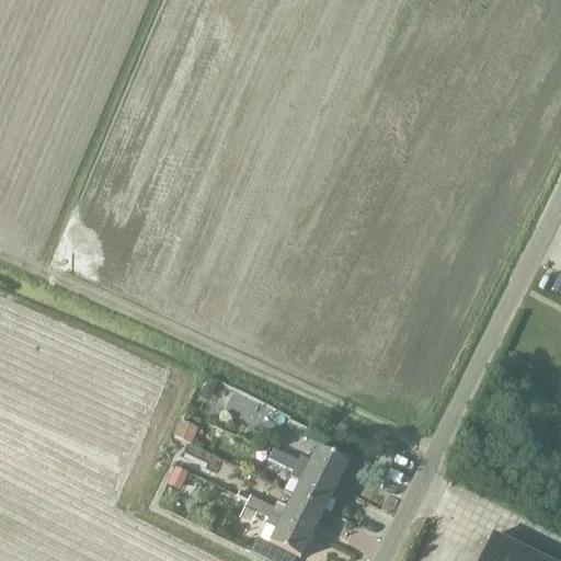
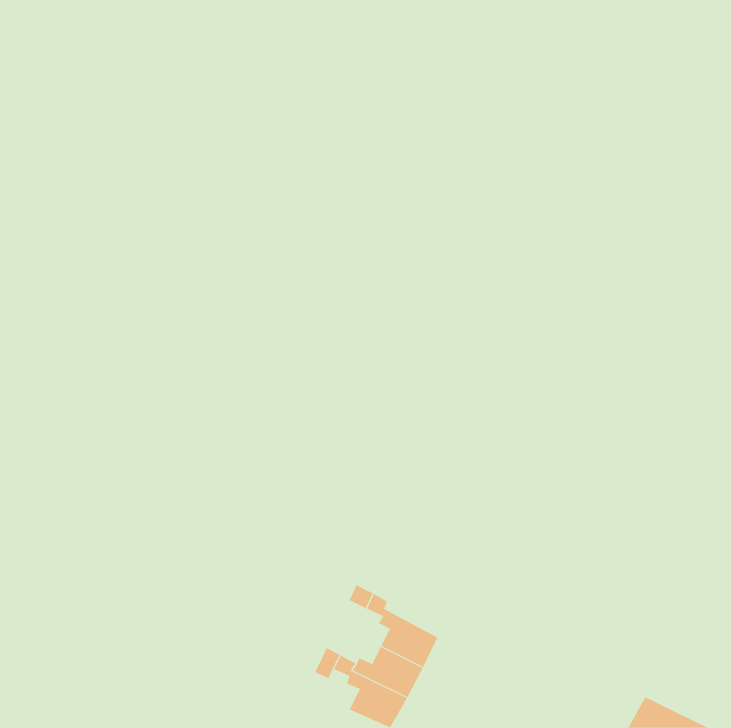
building: [296,445,350,486] -> none

